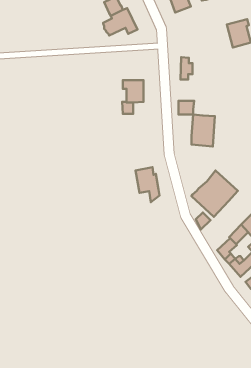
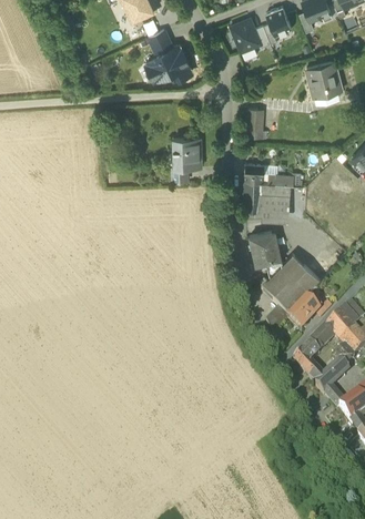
building: none -> [243,182,264,210]
building: [135,167,159,202] -> [251,232,282,277]
building: none -> [290,294,322,327]

